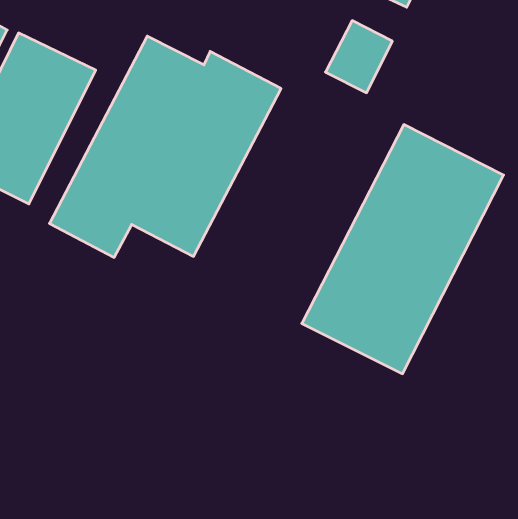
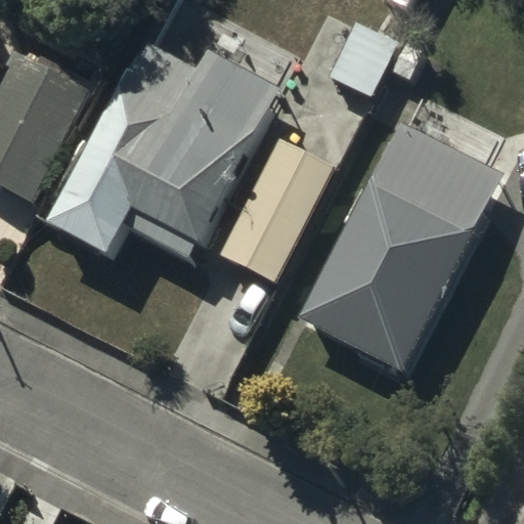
building: none -> [225,142,334,279]

